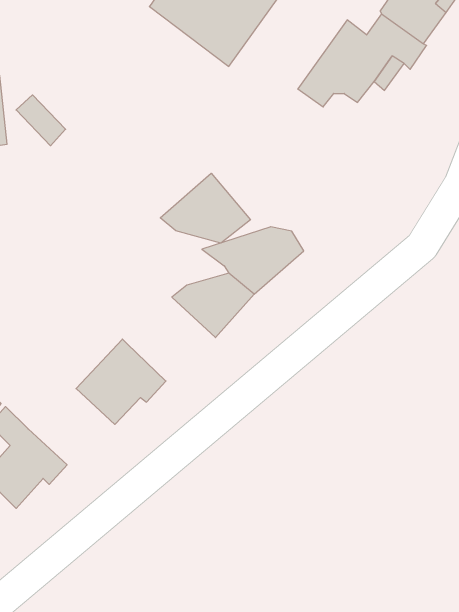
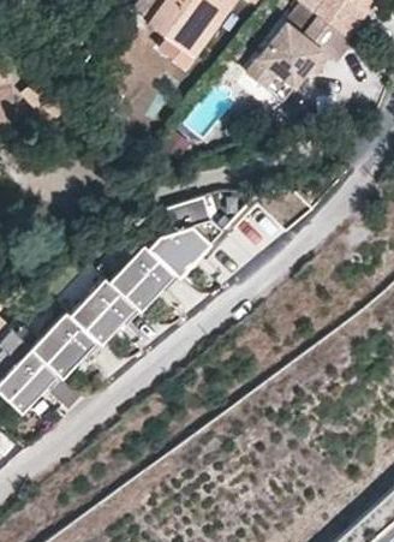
building: [160,173,250,243] -> none
building: none -> [108,243,179,310]
building: none -> [29,311,98,377]

